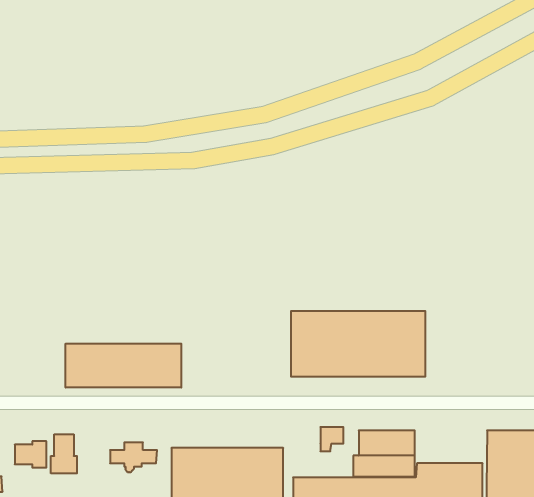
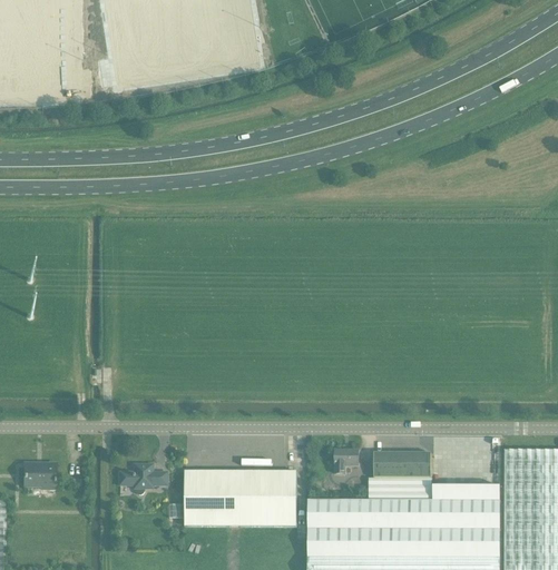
building: [291,311,425,377] -> none
building: [66,344,181,388] -> none
building: [51,434,77,473] -> none

